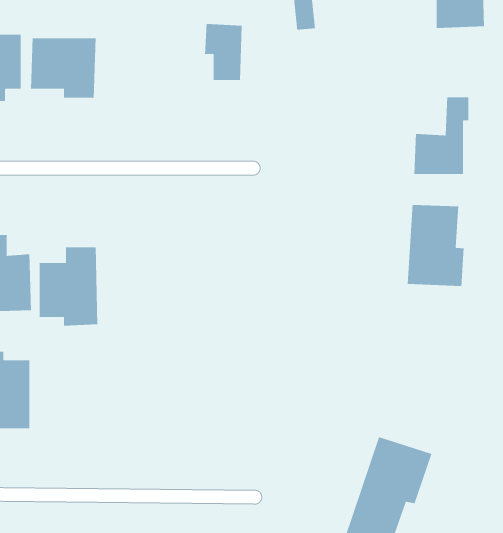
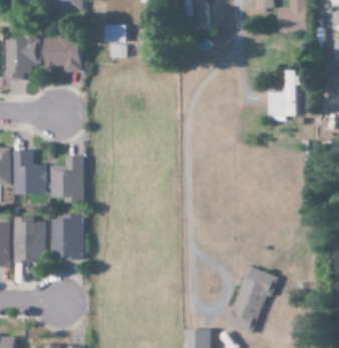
building: [204,23,243,81] -> [104,23,126,56]
building: [407,204,464,287] -> none
building: none -> [51,214,84,258]

